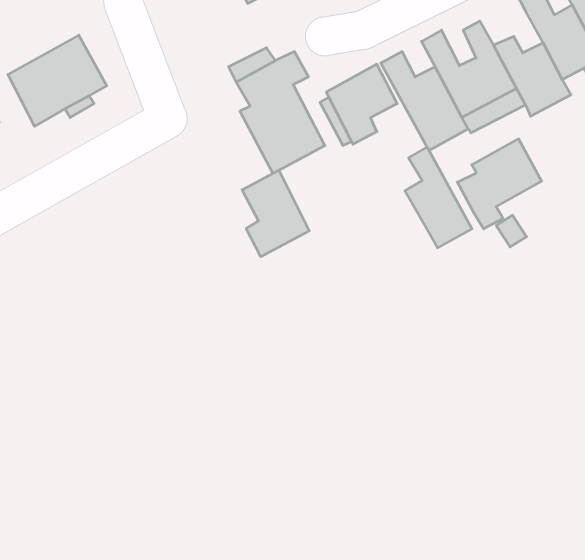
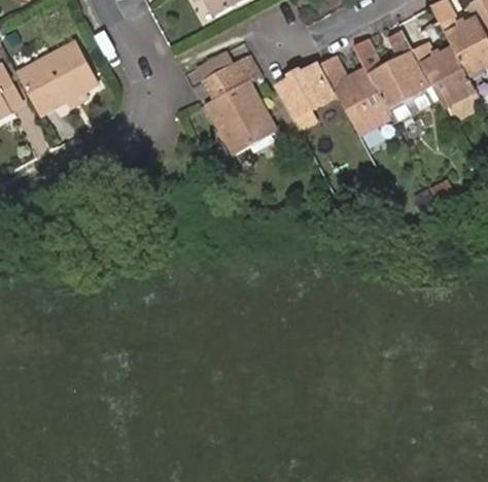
building: [457,139,542,229] -> none
building: [405,147,472,248] -> none
building: [242,170,309,257] -> none

